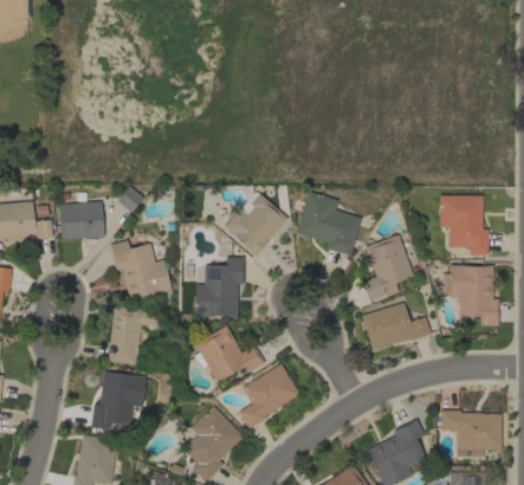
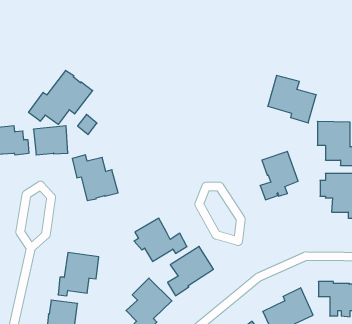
building: none -> [29,70,93,124]
building: [296,192,361,256] -> [268,75,316,123]
building: [224,194,287,257] -> none
building: [195,257,244,317] -> none
building: [361,303,431,349] -> none
building: [108,306,164,366] -> none

